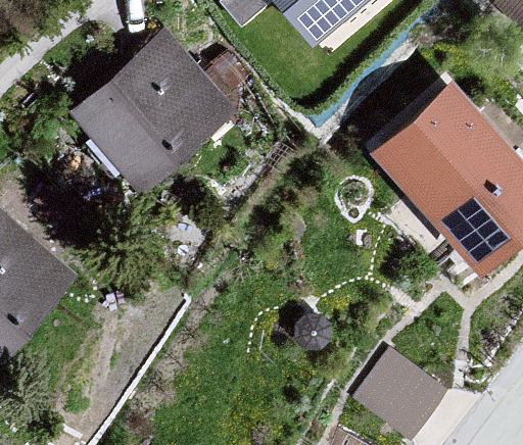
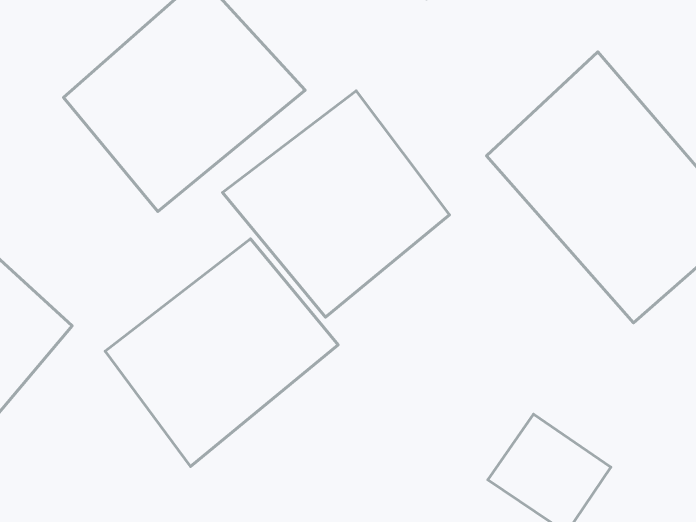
building: none -> [223,91,450,317]
building: none -> [105,239,338,466]

